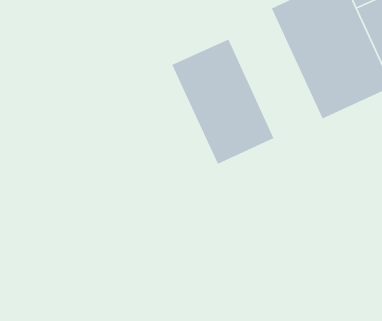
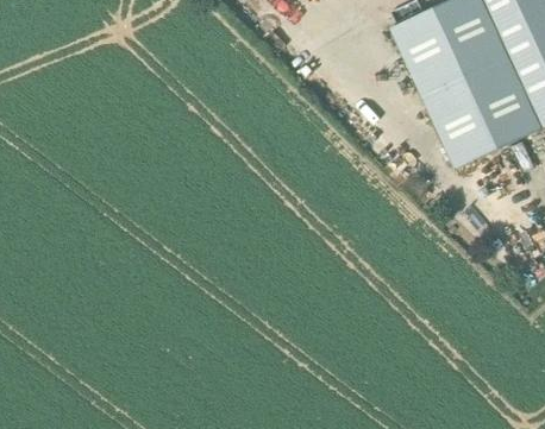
building: [171,39,275,165] -> none

